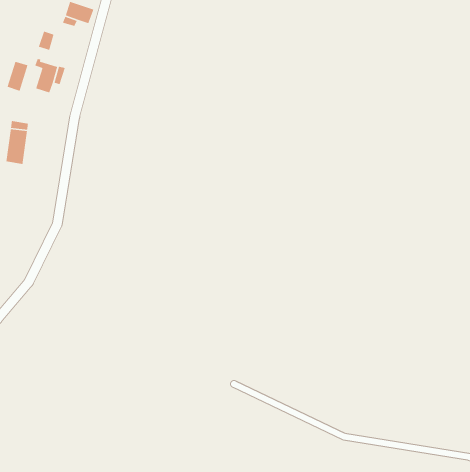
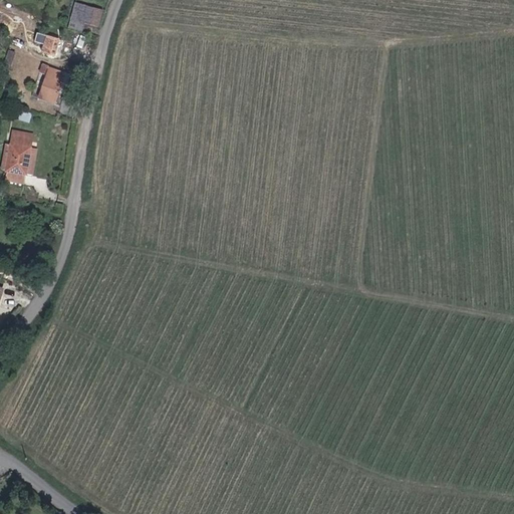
building: [7,61,29,92] -> none

